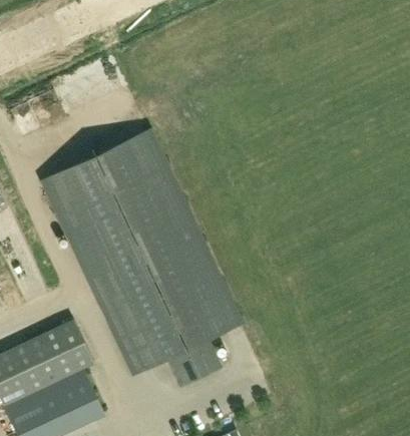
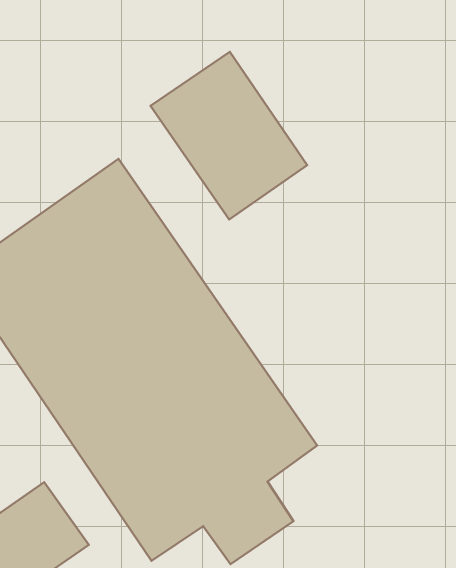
building: none -> [150,52,307,219]

